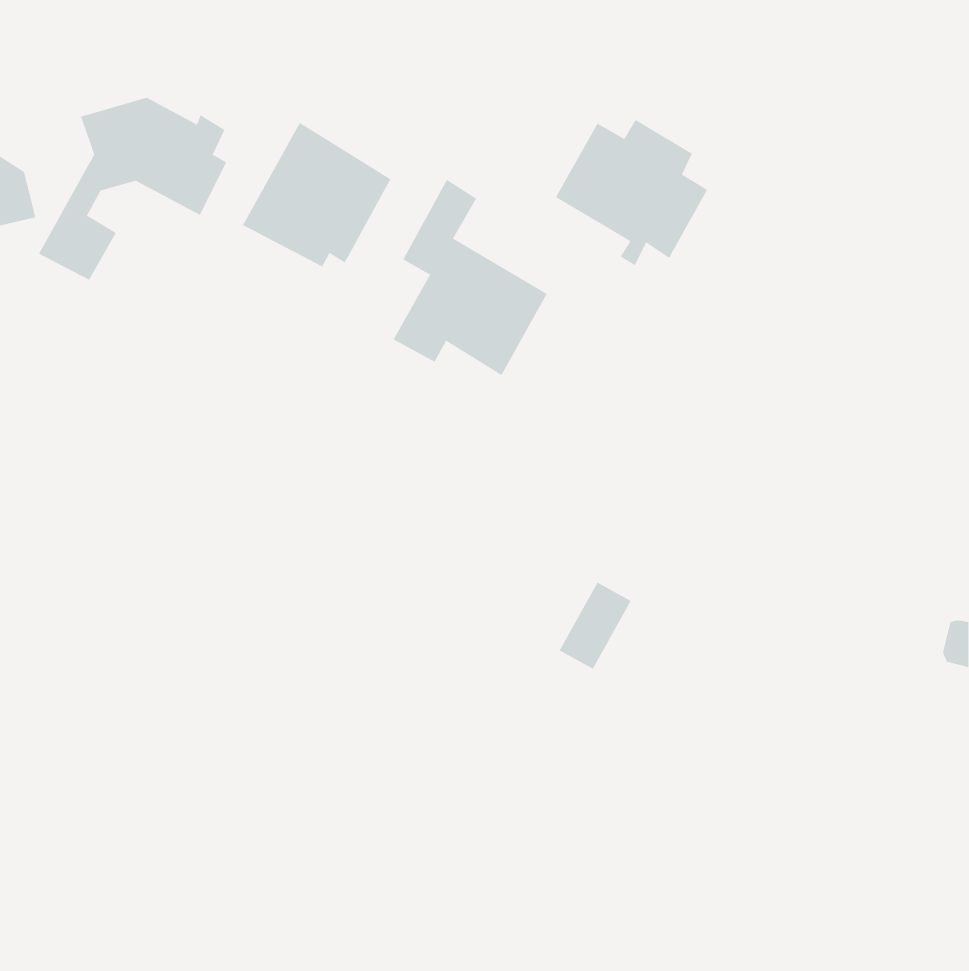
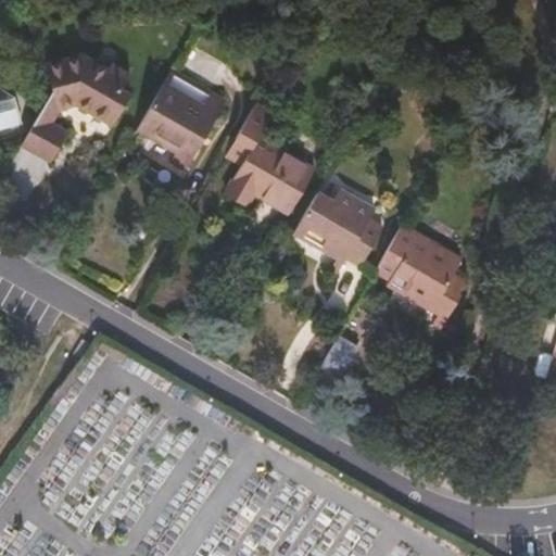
building: [555,119,708,266] -> [294,190,381,274]
building: none -> [377,225,465,315]

